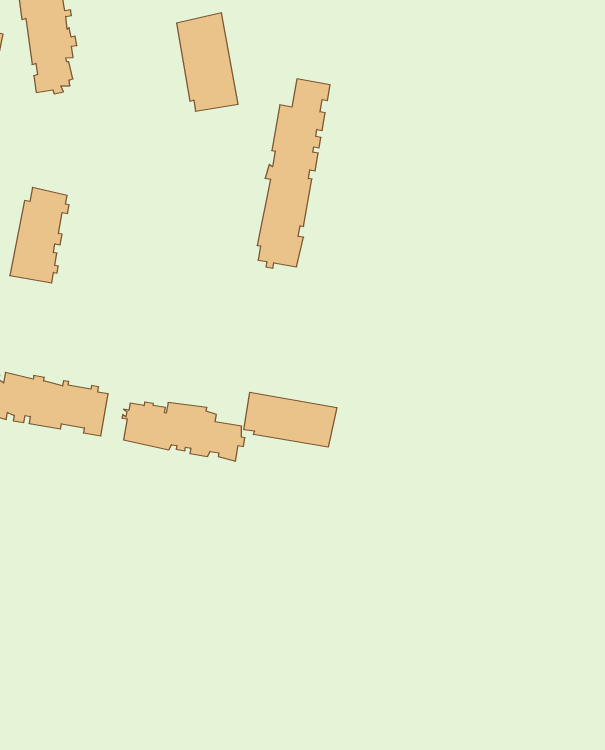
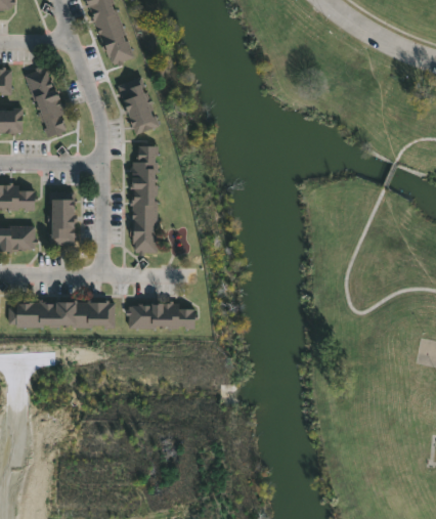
building: [257,79,330,268] -> [130,145,158,255]
building: [244,392,337,447] -> none

